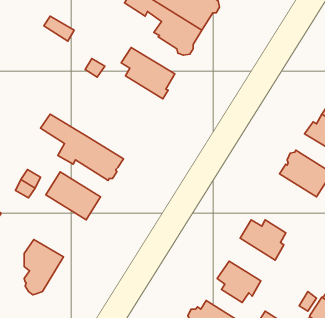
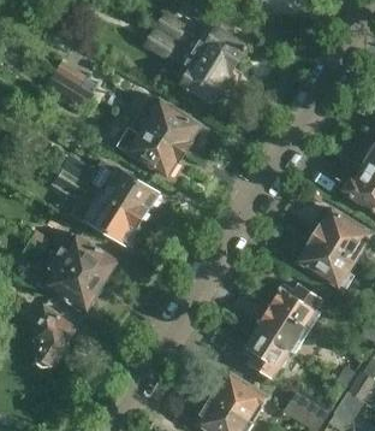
building: none -> [118,126,185,176]
building: none -> [61,154,157,218]
building: none -> [299,235,355,287]
building: none -> [41,258,101,312]
building: none -> [258,306,309,353]

